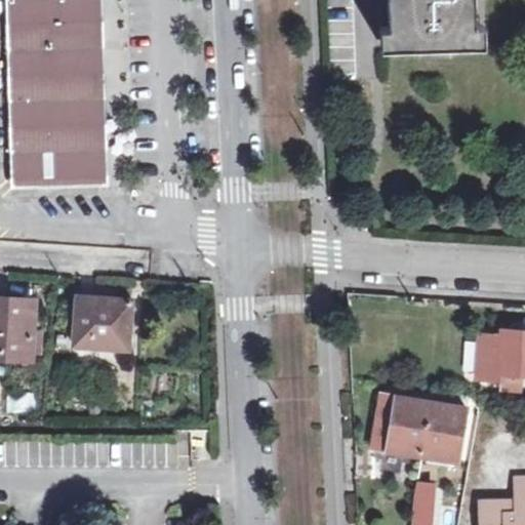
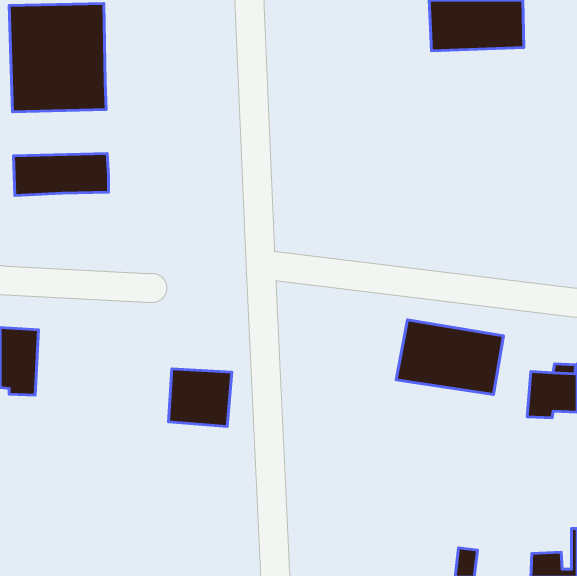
building: [11,100,97,143] -> none
building: [76,297,133,350] -> [169,369,232,426]
building: [372,394,470,461] -> [396,320,504,394]

